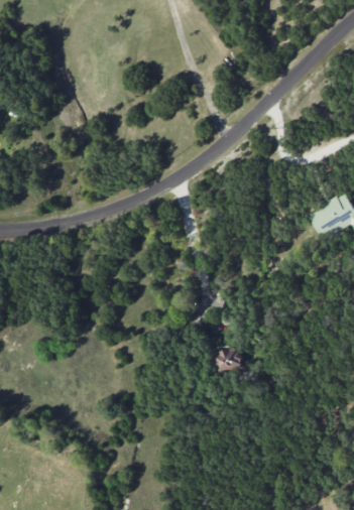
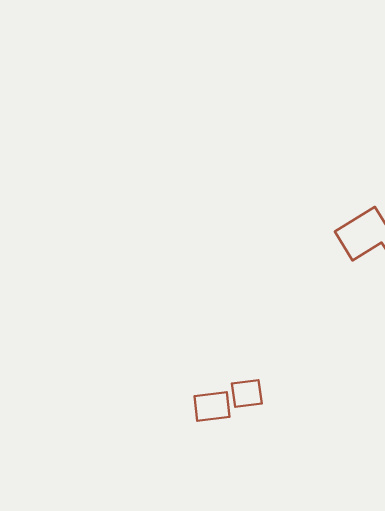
building: none -> [194,392,230,421]

